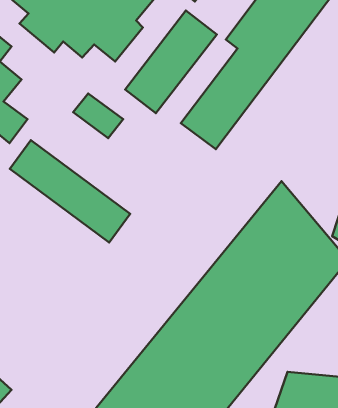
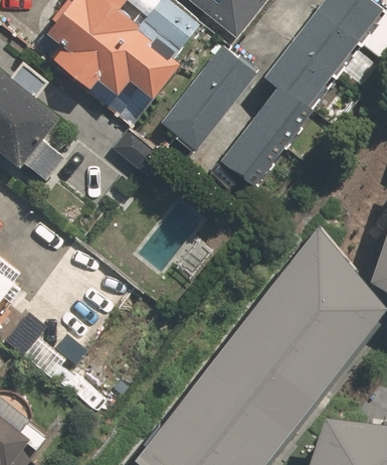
building: [10,140,130,242] -> none

